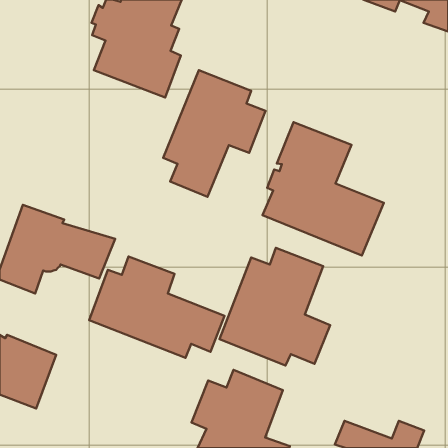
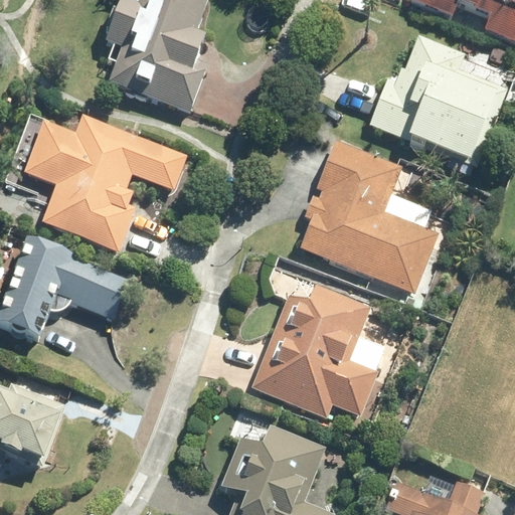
building: none -> [368,33,509,167]
building: [163,70,266,197] -> none
building: none -> [24,116,186,251]
building: [89,256,225,358] -> none

